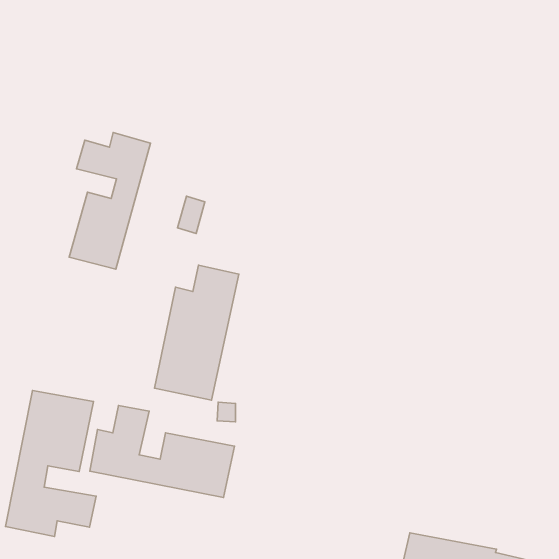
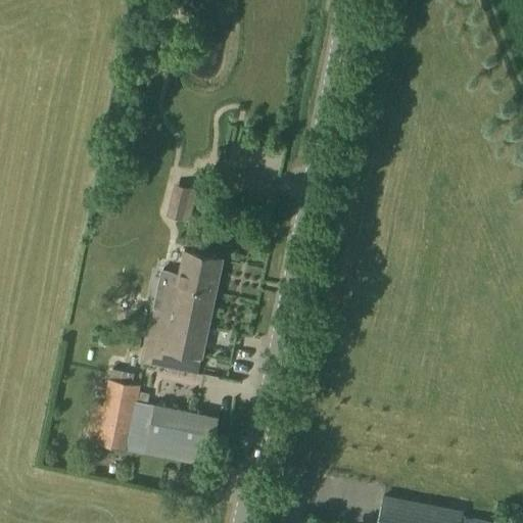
building: [69,132,151,269] -> none
building: [6,390,96,537] -> none

